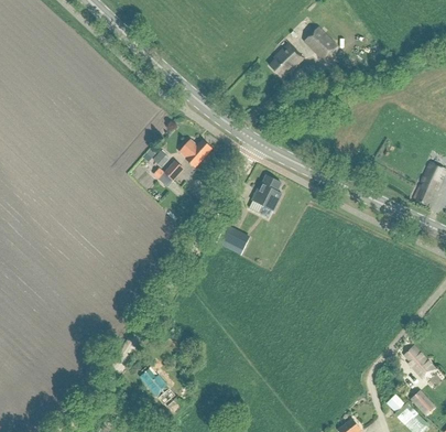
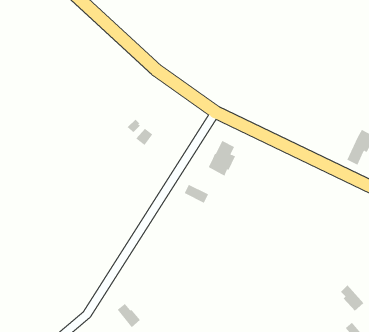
building: [304,28,337,60] -> none
building: [270,43,304,77] -> none
building: [180,140,211,168] -> none

